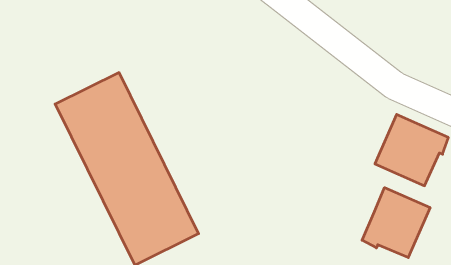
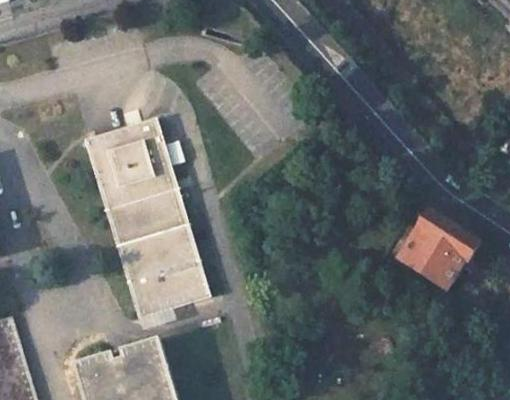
building: [362,188,430,258] -> none

